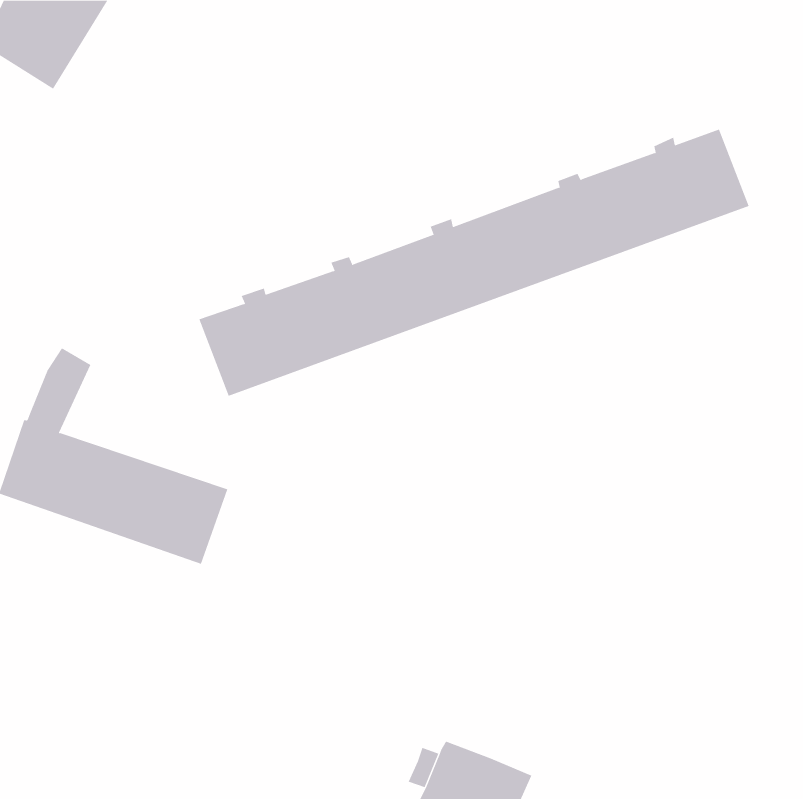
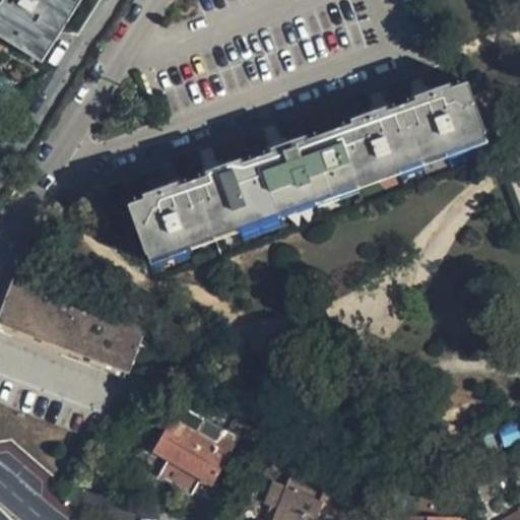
building: none -> [149,422,234,488]

